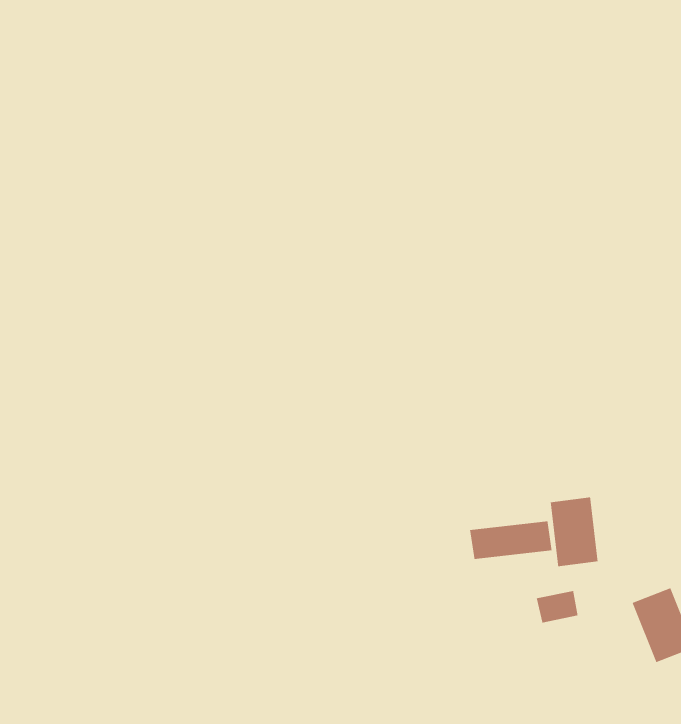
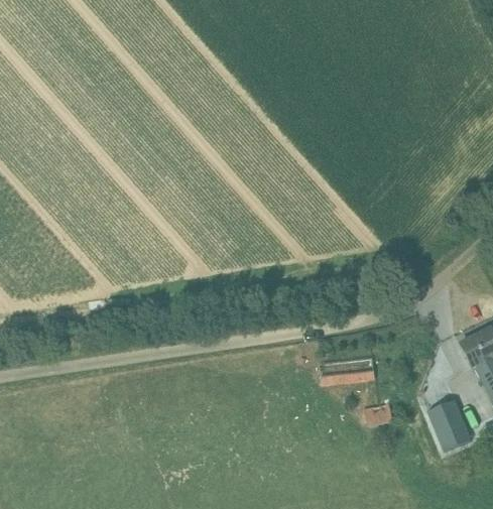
building: [550,496,598,567] -> none

